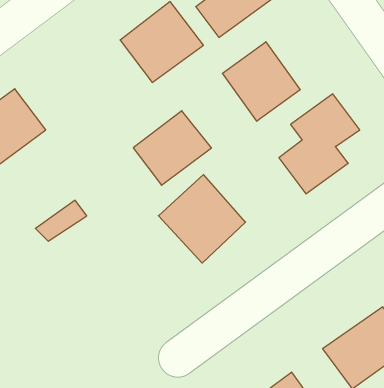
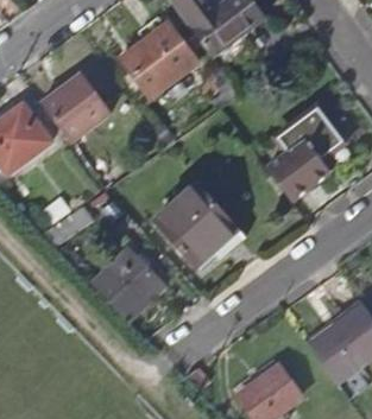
building: [222,42,300,121] -> none
building: [133,111,211,185] -> [39,69,112,138]
building: none -> [92,248,164,319]

